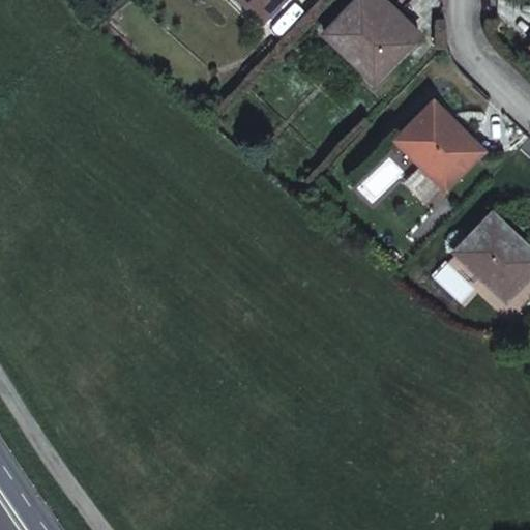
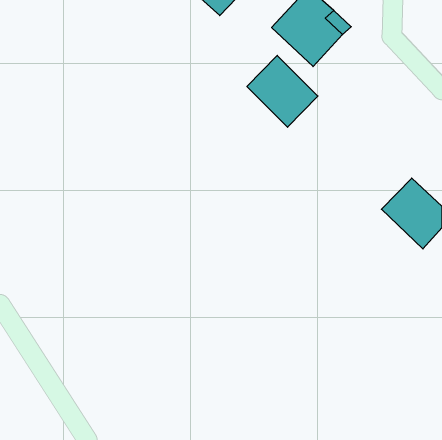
building: [398,101,482,187] -> [247,55,318,127]

